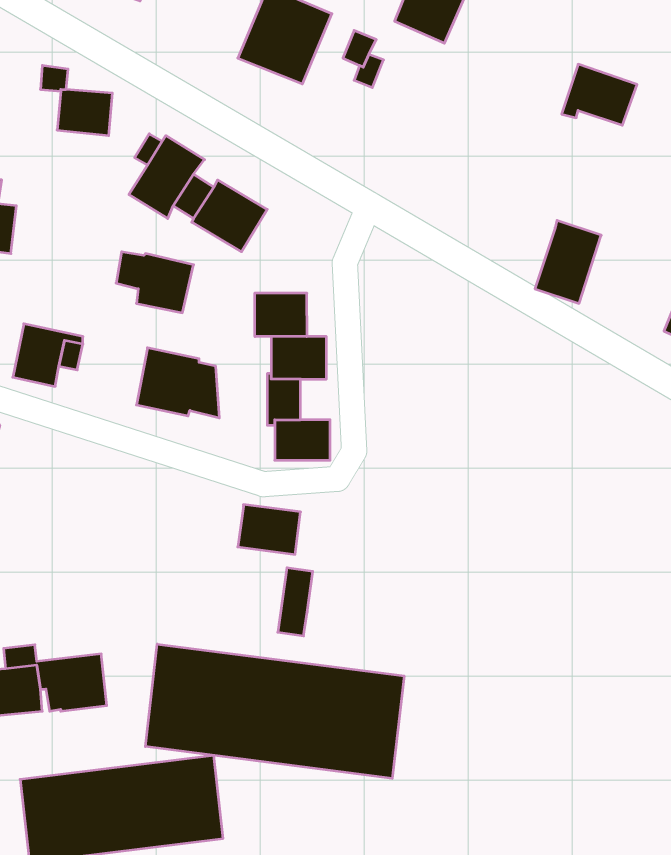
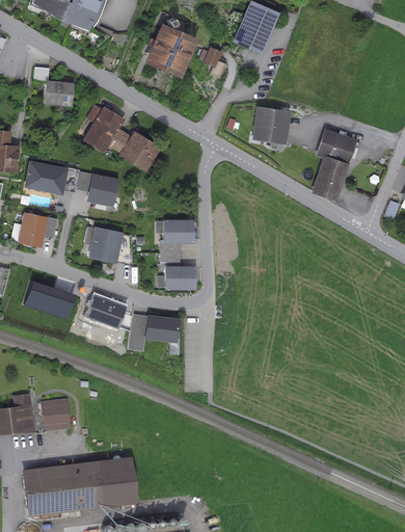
building: [562,64,637,125] -> [315,128,357,162]
building: none -> [252,106,290,143]
building: none -> [23,160,80,195]
building: [255,293,307,337] -> none
building: none -> [26,281,77,320]
building: none -> [87,295,128,329]
building: [278,568,313,636] -> [128,313,147,351]
building: [145,644,404,778] -> none

